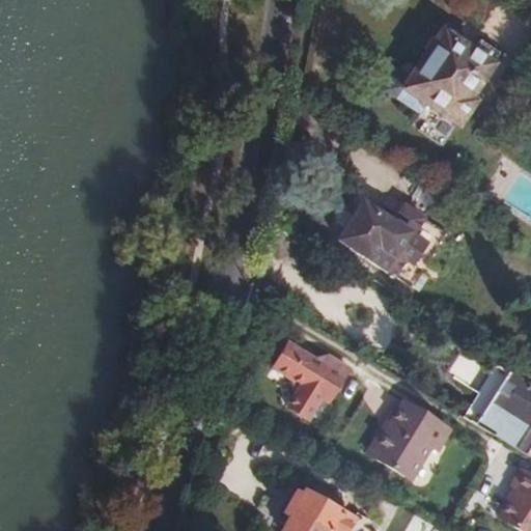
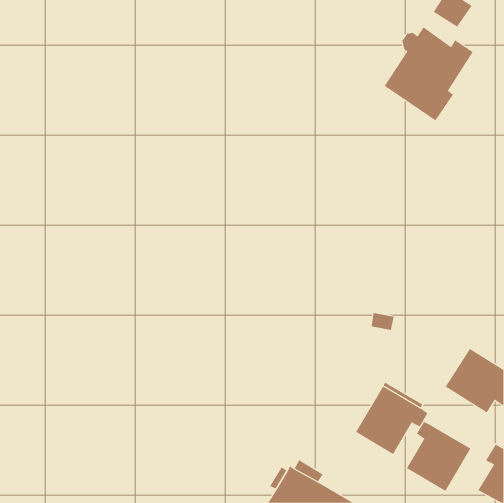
building: [338,203,420,278] -> none
building: [277,341,350,416] -> none
building: none -> [406,421,471,492]

